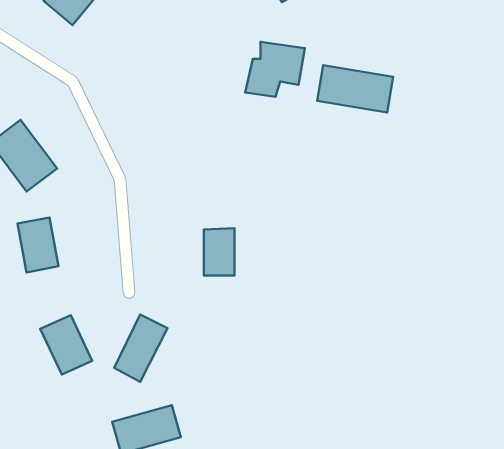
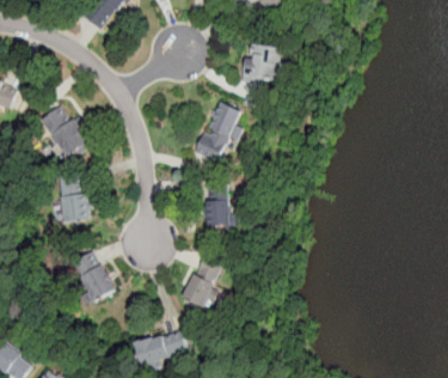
building: [317,65,393,112] -> none
building: none -> [192,99,244,163]
building: [114,315,168,382] -> [182,254,223,306]

